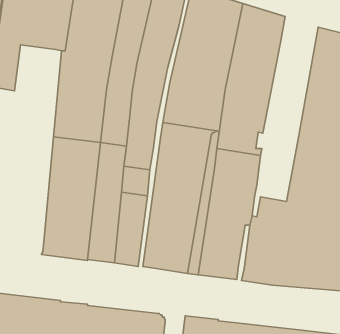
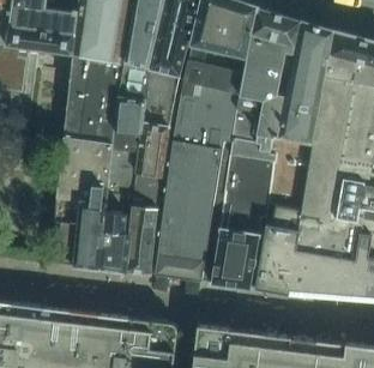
building: none -> [269,22,332,209]

